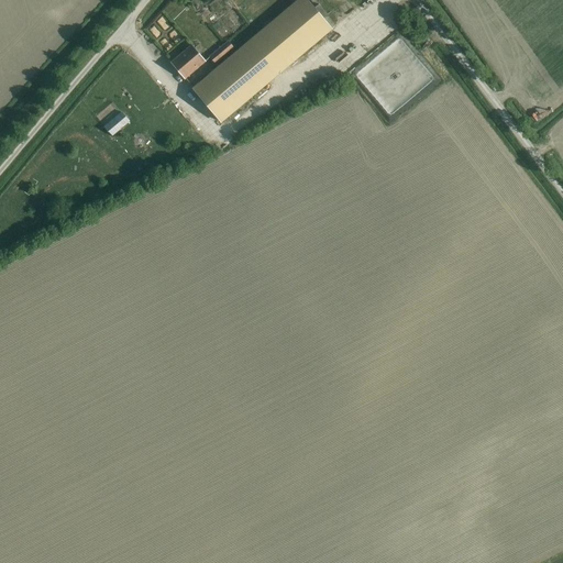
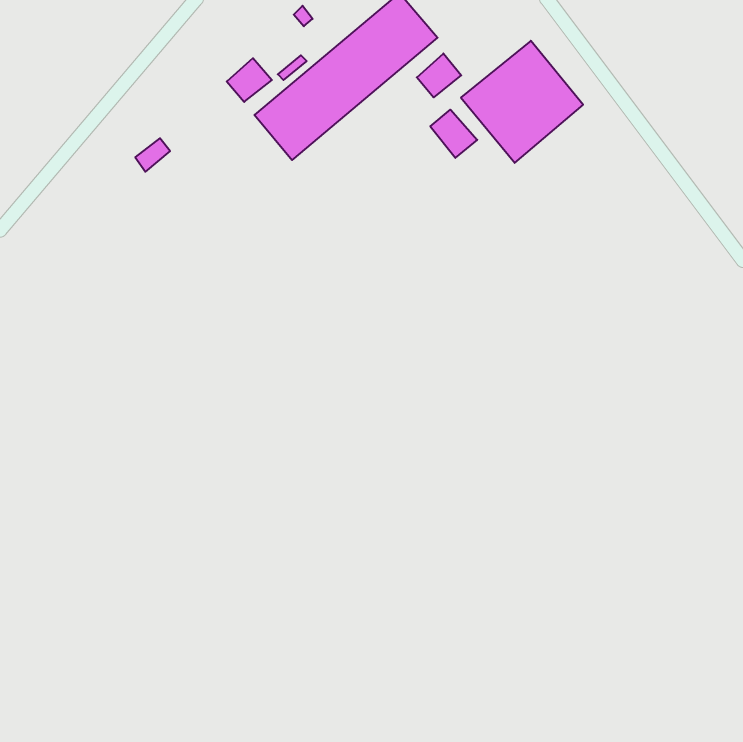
building: none -> [417,53,461,97]
building: none -> [430,110,477,158]

